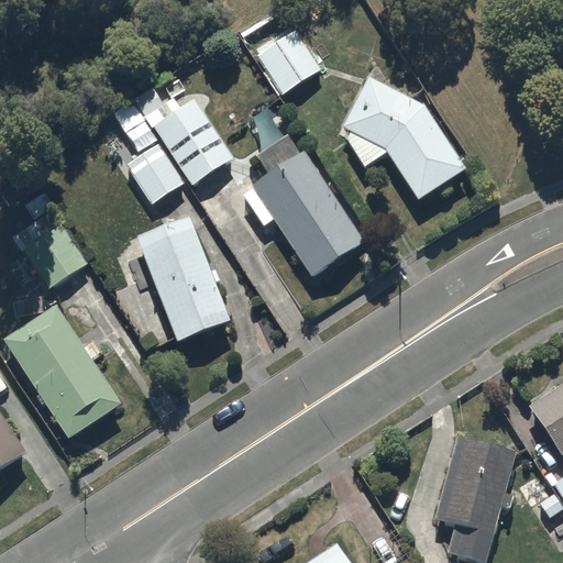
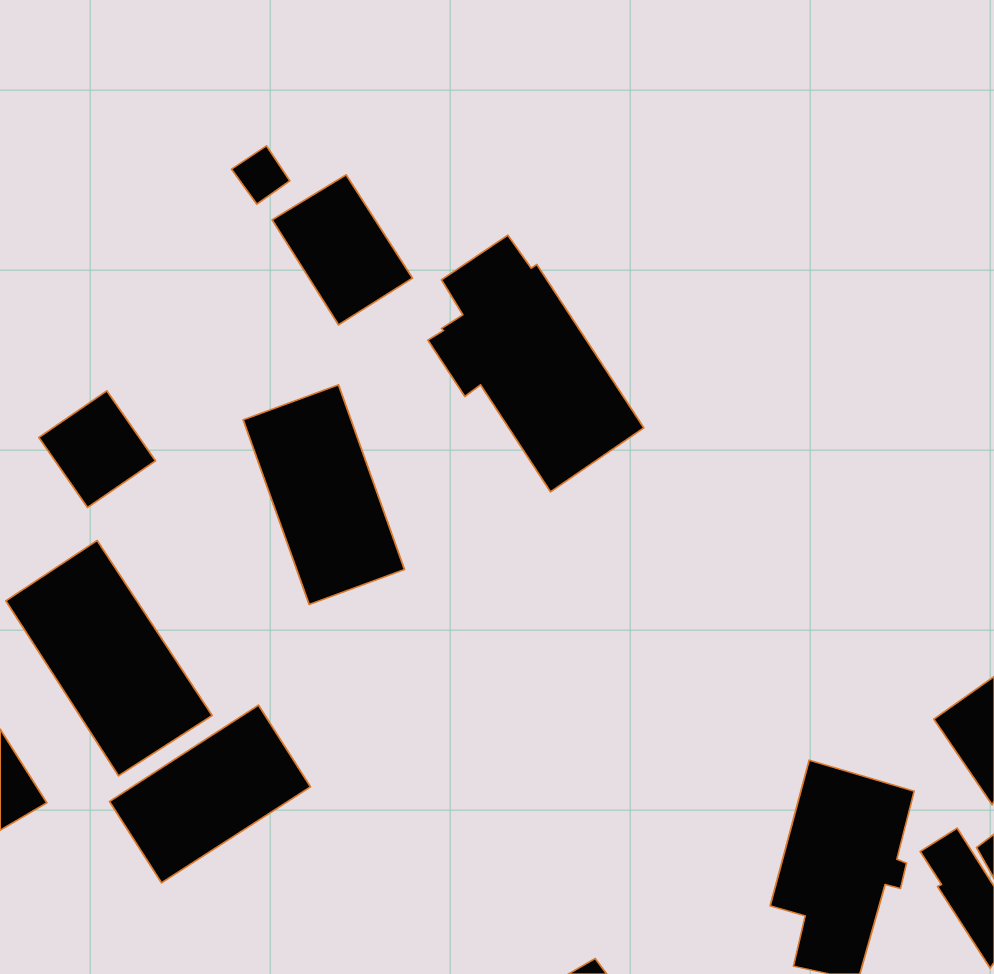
building: [254,19,320,92] -> none
building: [341,75,466,201] -> none
building: [124,141,184,202] -> none
building: none -> [110,705,310,883]

